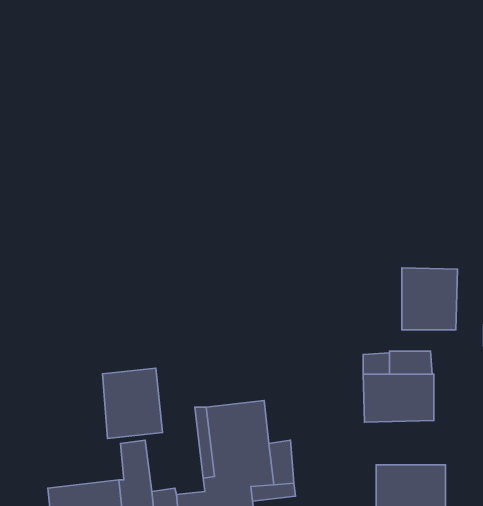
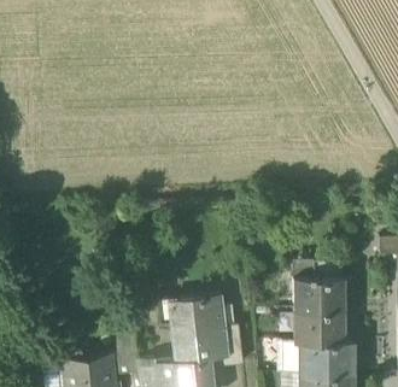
building: [402,268,458,330] -> none
building: [103,368,163,438] -> none
building: none -> [293,313,345,346]

